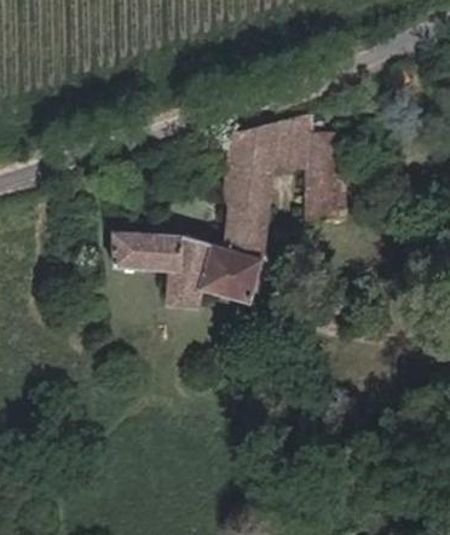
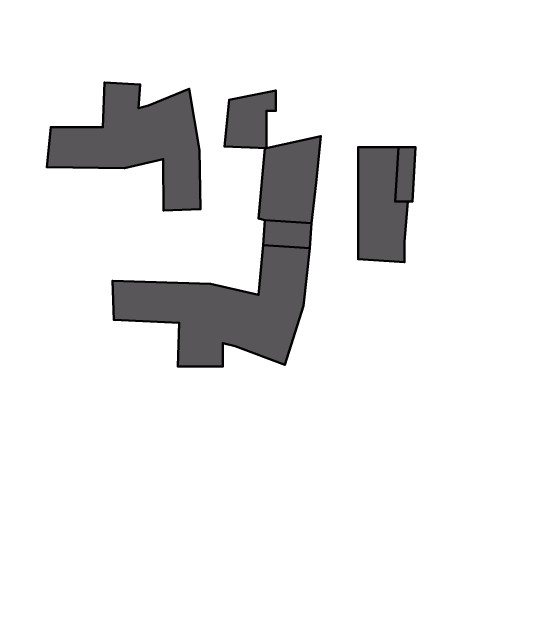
building: none -> [47,82,200,210]
building: [272,116,312,161] -> [225,91,276,148]

